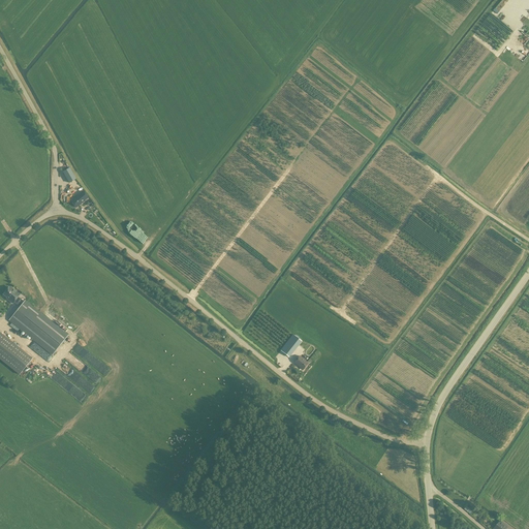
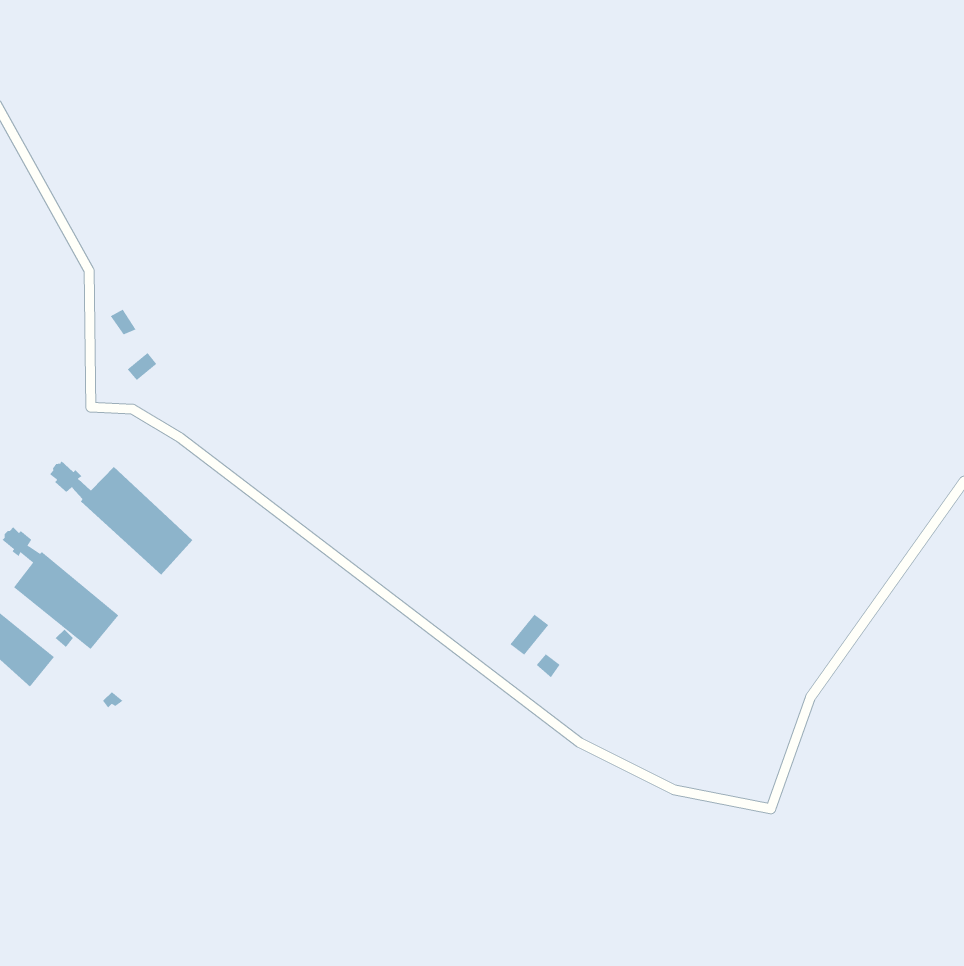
building: none -> [49,461,193,575]

